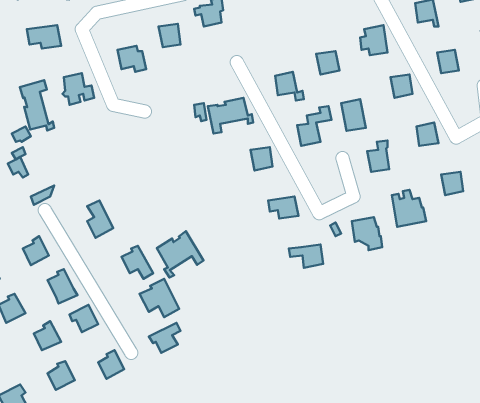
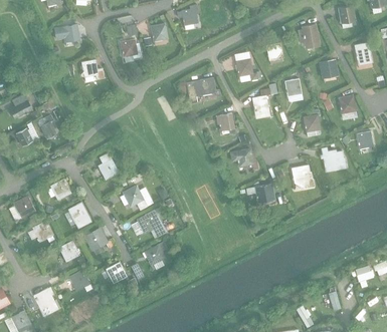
building: [20,80,54,130] -> none
building: [157,231,204,278] -> none

